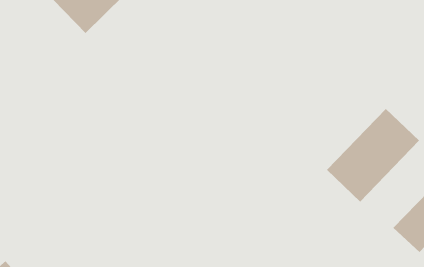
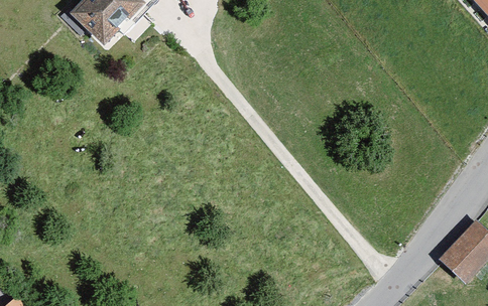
building: [326,108,420,202] -> none

